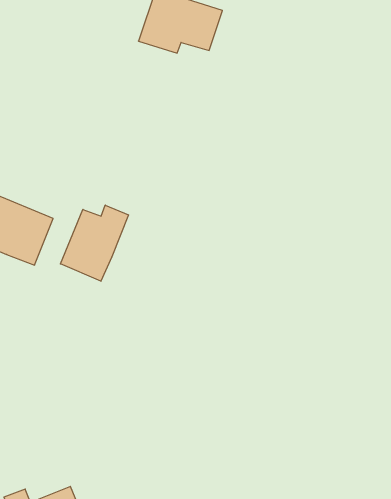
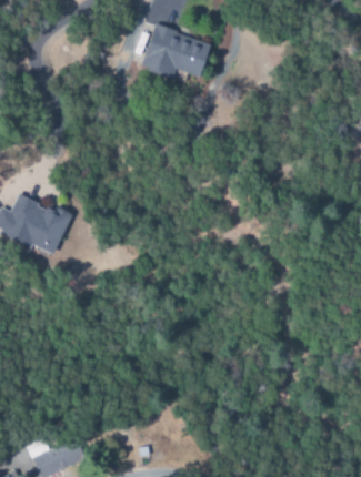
building: [60,205,128,281] -> none

